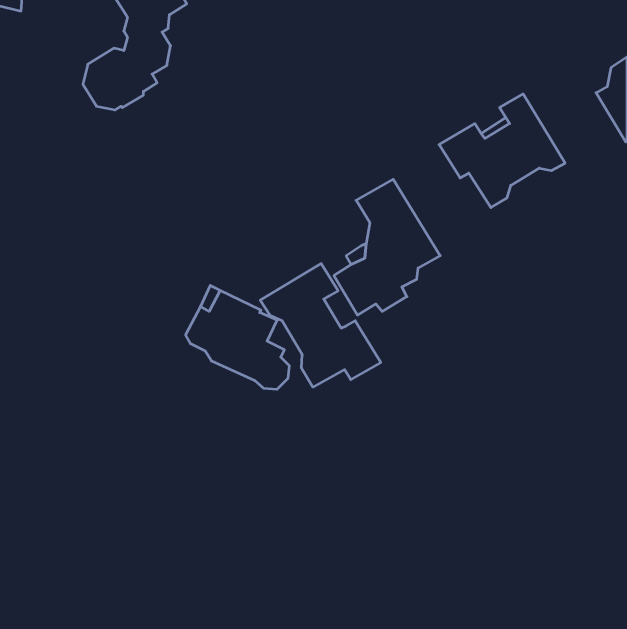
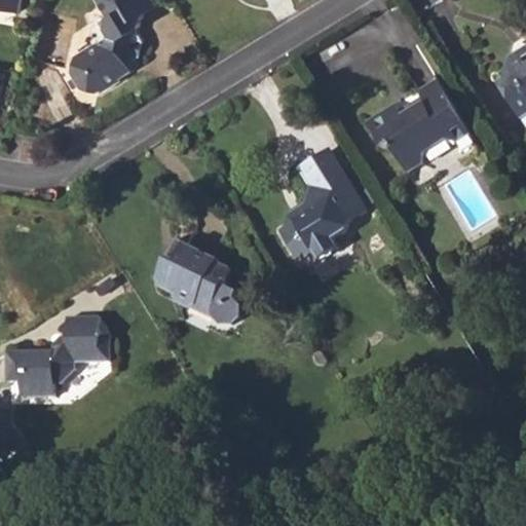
building: [260,264,381,387] -> none
building: none -> [6,316,110,396]

